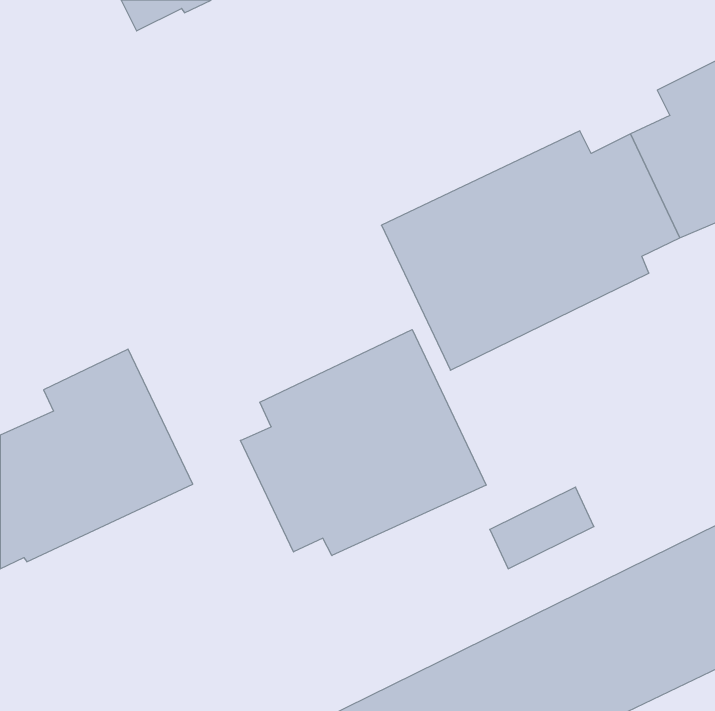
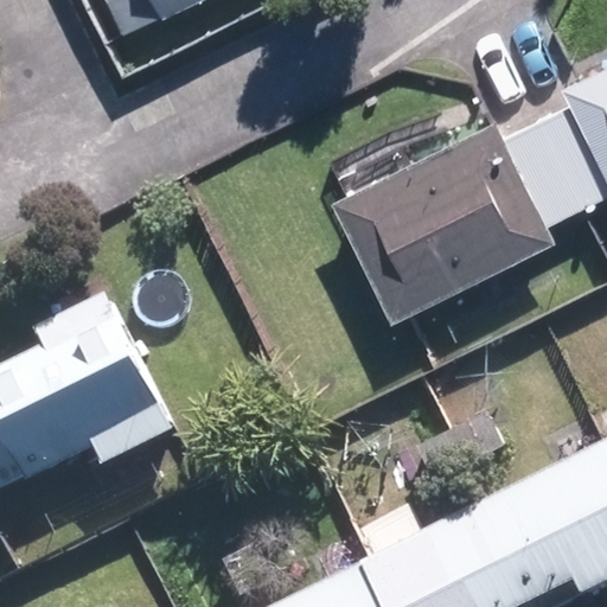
building: [240,330,486,556] -> none

